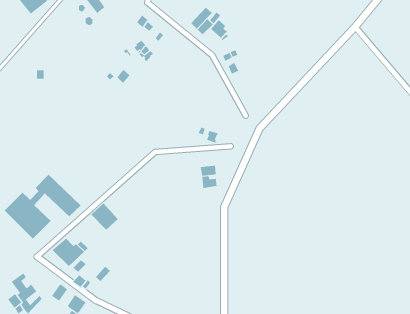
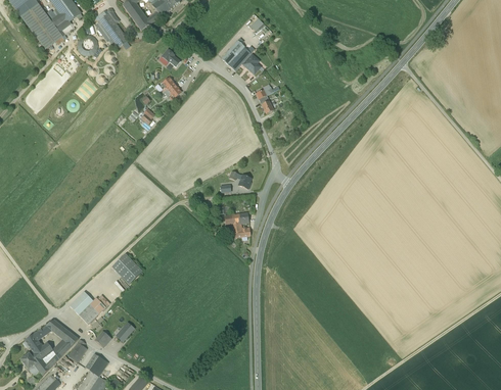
building: [4,174,81,239] -> none
building: none -> [38,320,78,358]

